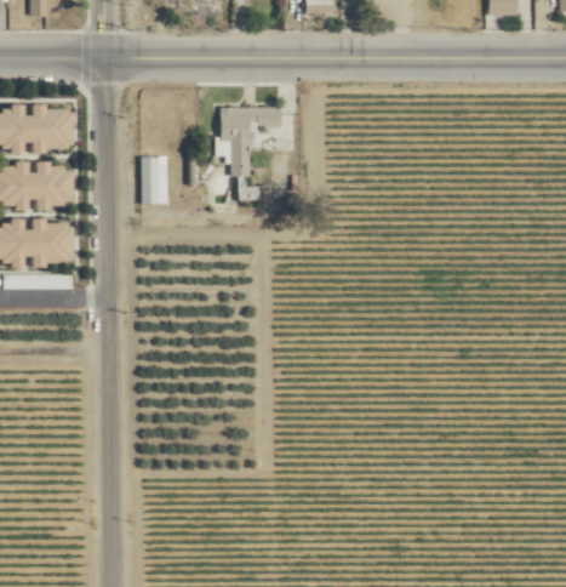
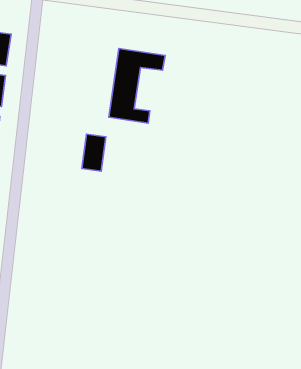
building: [142,156,168,204] -> [82,134,106,171]

